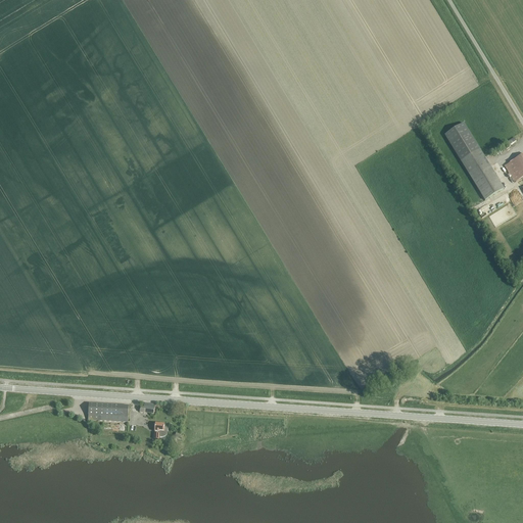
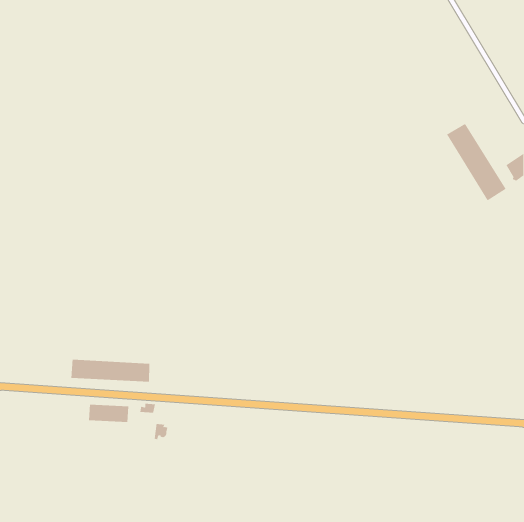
building: none -> [71,359,150,383]

